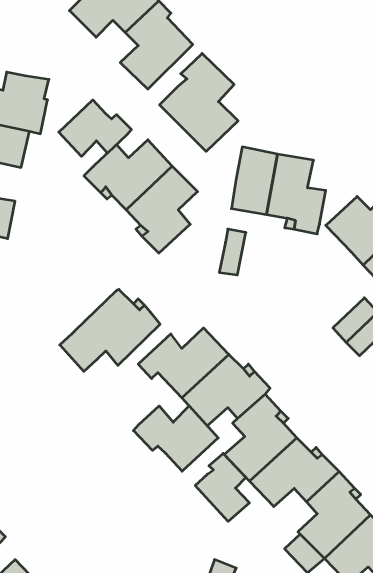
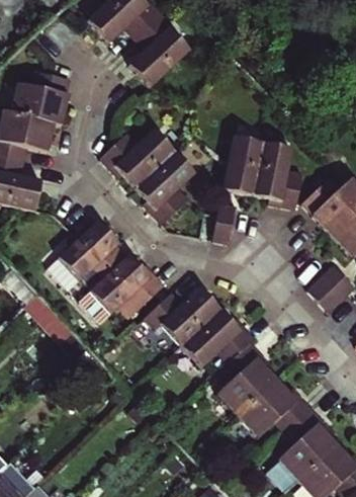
building: [160,53,238,151] -> none
building: [59,100,131,156] -> none
building: none -> [47,224,125,292]
building: [133,406,218,471] -> none
building: [195,453,249,521] -> none

